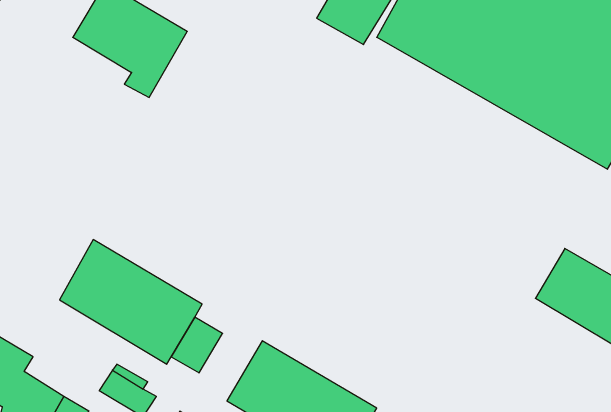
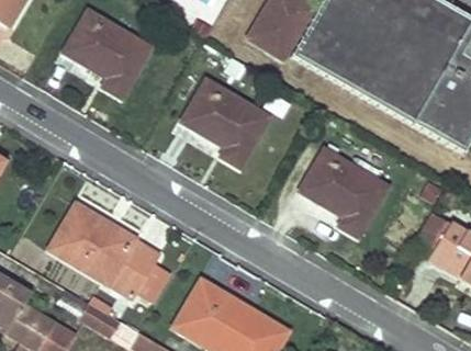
building: none -> [181,81,268,167]
building: none -> [299,150,385,237]

